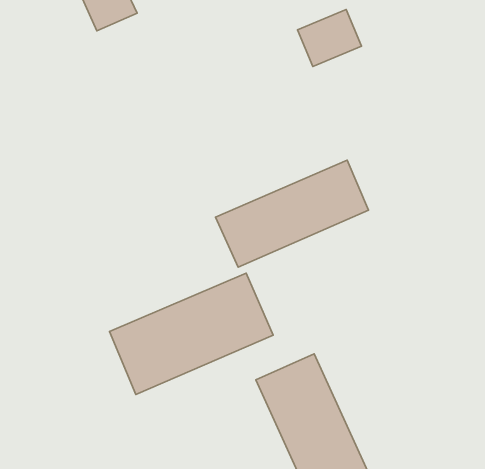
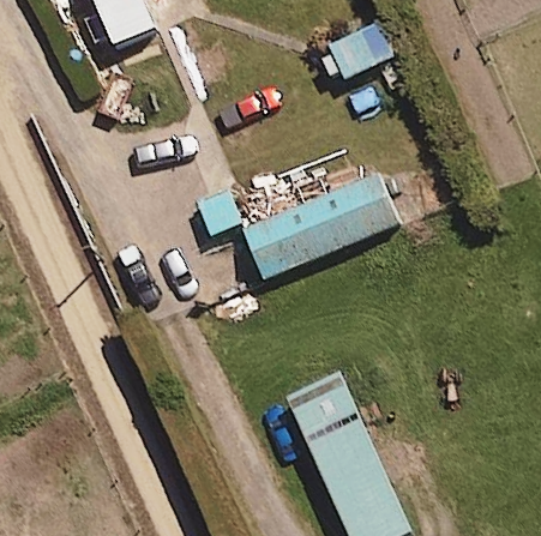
building: [110,273,273,395] -> none

